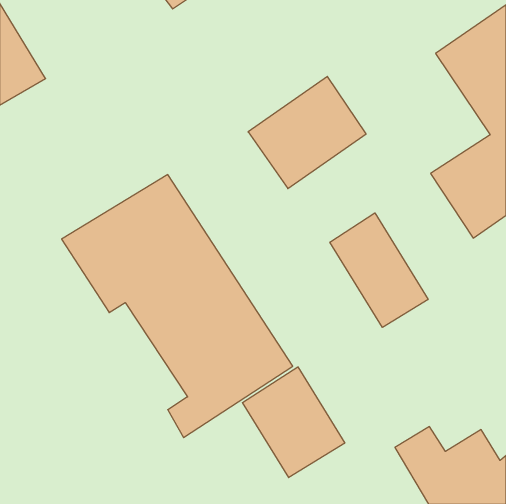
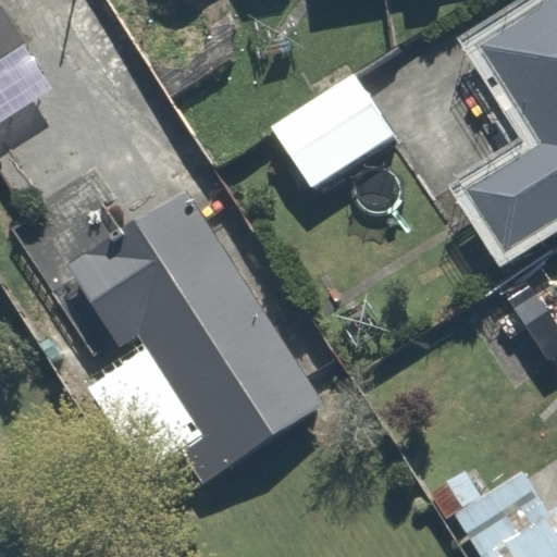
building: [330,213,428,327] -> none
building: [242,367,345,478] -> none

